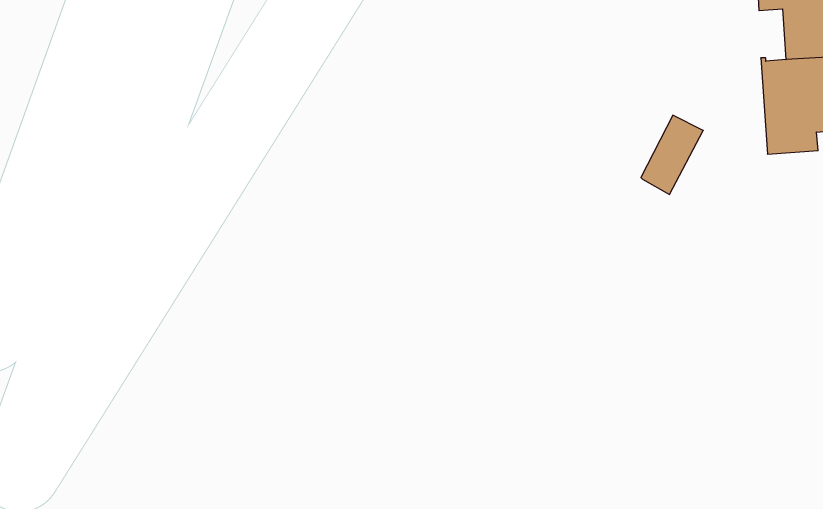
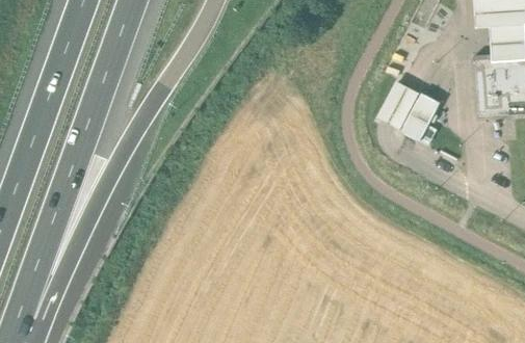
building: none -> [379,81,419,129]

